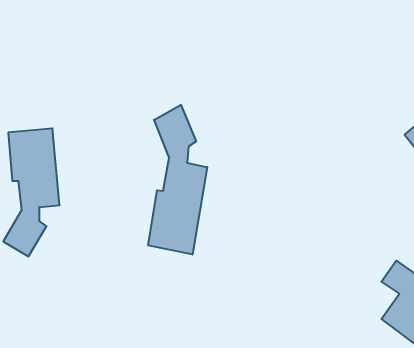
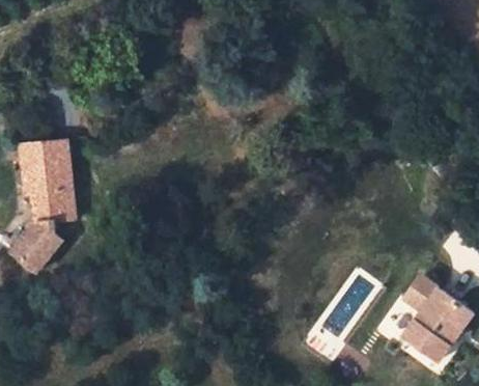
building: [148,105,207,255] -> none

